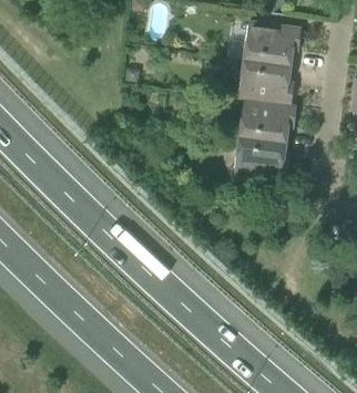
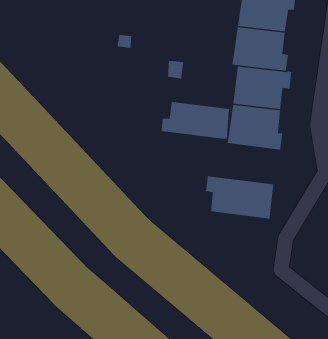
building: none -> [160,101,230,140]
building: none -> [205,176,274,220]

